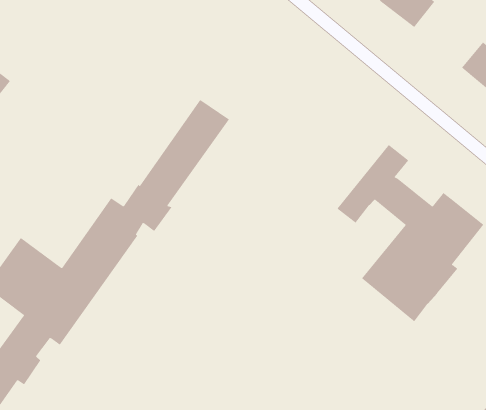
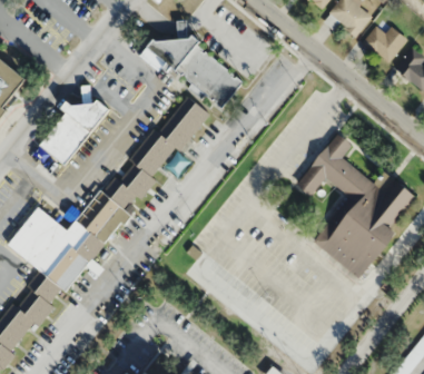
building: none -> [362,19,407,63]
building: none -> [139,29,246,108]
building: none -> [39,100,110,166]

